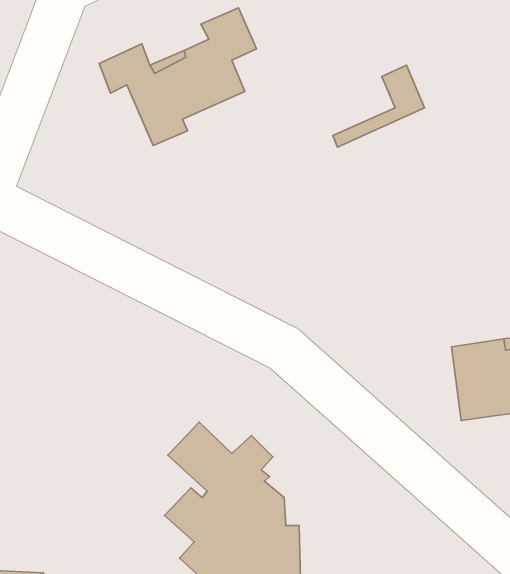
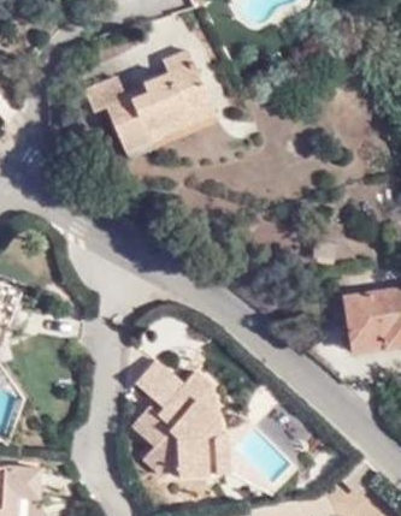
building: [333,65,425,147] -> [146,81,213,141]

